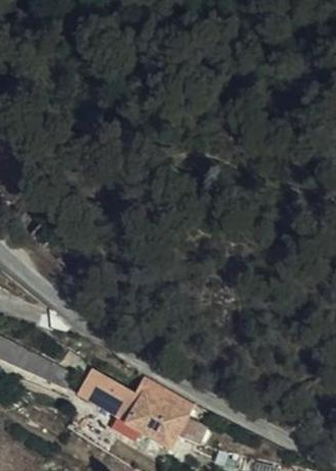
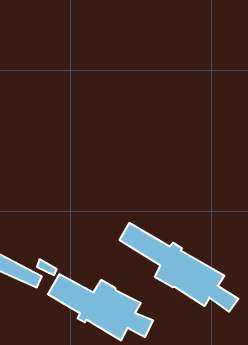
building: none -> [120,223,238,312]

